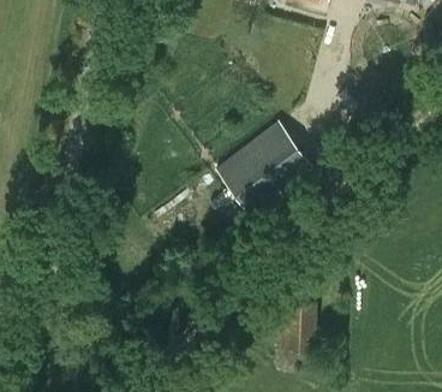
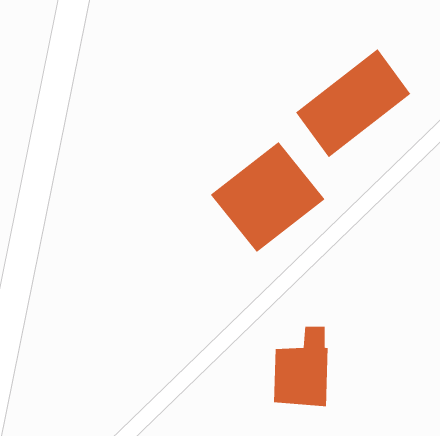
building: none -> [295,48,411,158]

